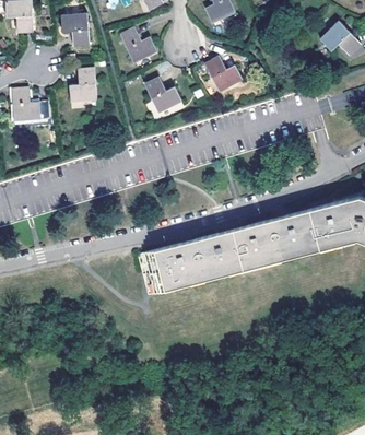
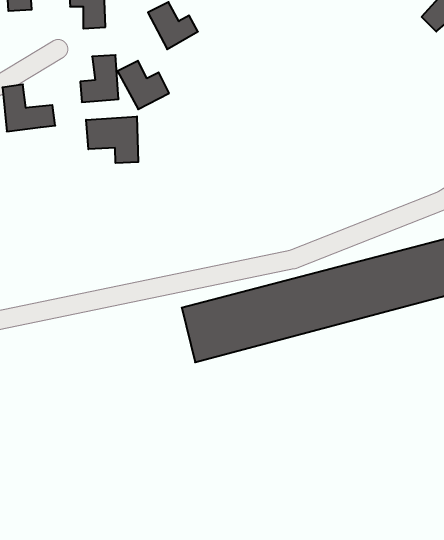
building: [203,52,243,91] -> none
building: [143,77,181,113] -> [118,61,169,109]
building: none -> [86,116,138,163]

